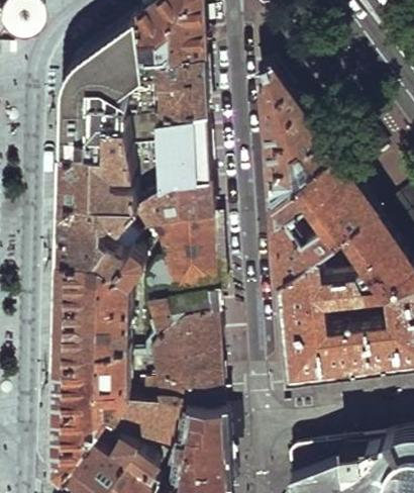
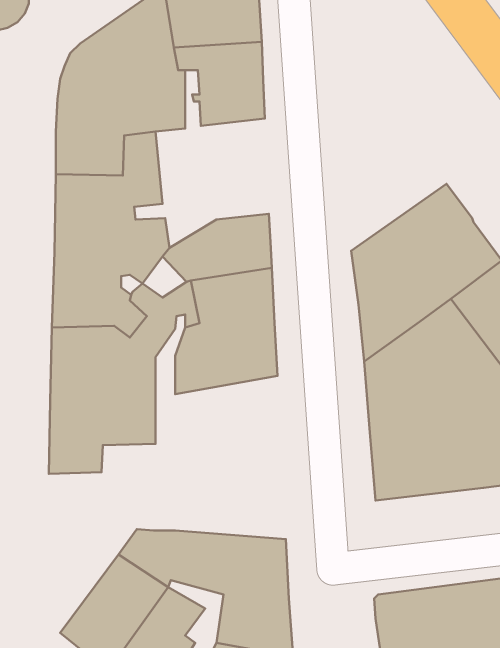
building: [257,70,337,207] -> none
building: [130,113,211,205] -> none
building: [143,296,223,412] -> none
building: [53,344,130,479] -> none

